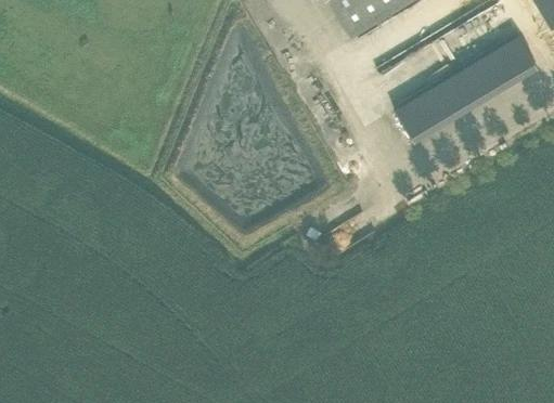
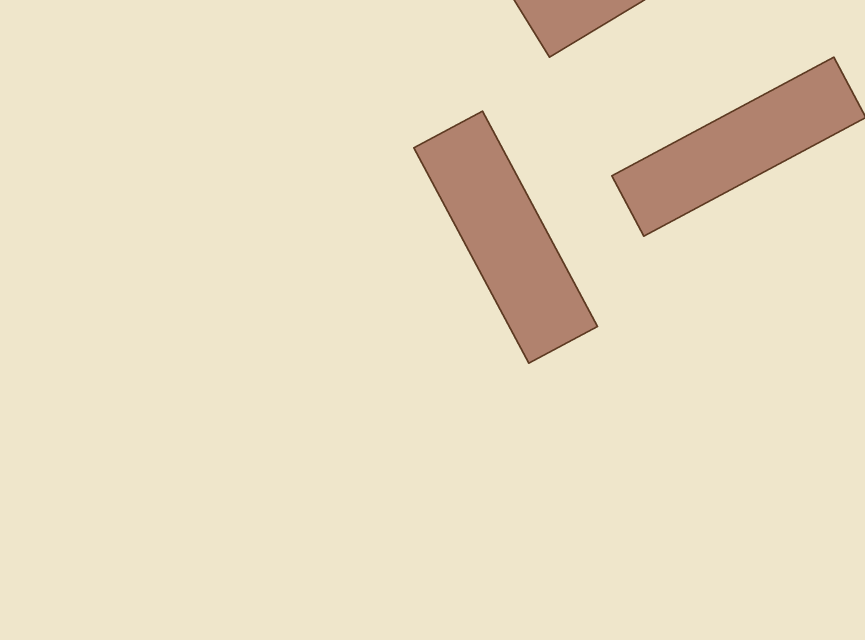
building: none -> [414,111,597,363]

